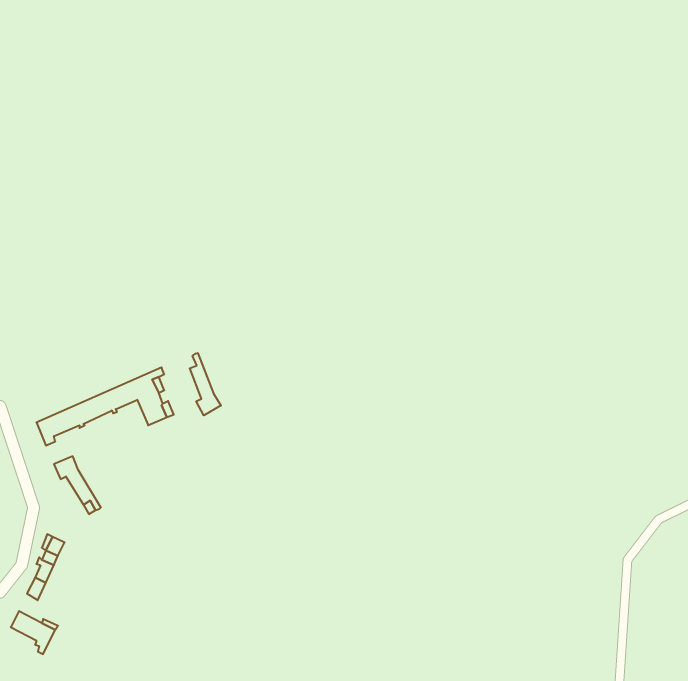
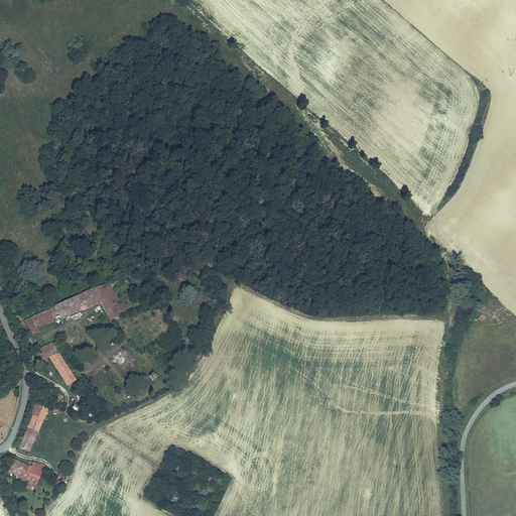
building: [190,353,221,415] -> none

